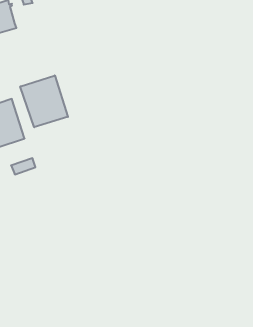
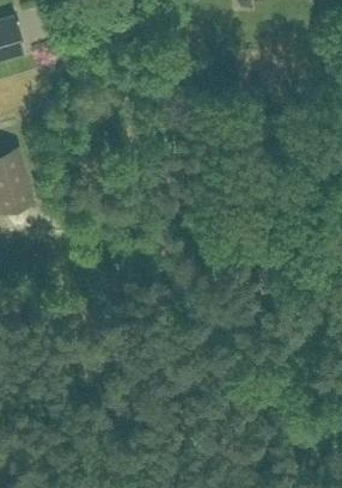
building: [20,75,68,127] -> none

